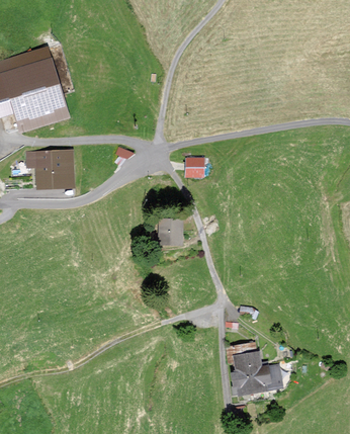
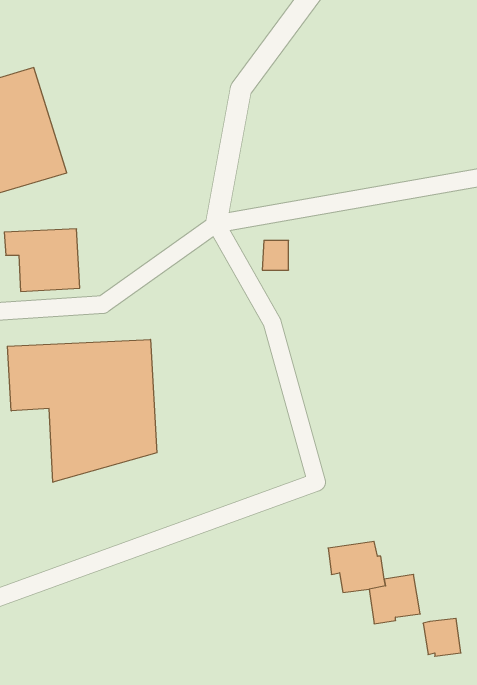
building: none -> [7,339,157,482]
building: [160,220,182,244] -> none
building: [232,371,255,395] -> [423,618,461,656]

